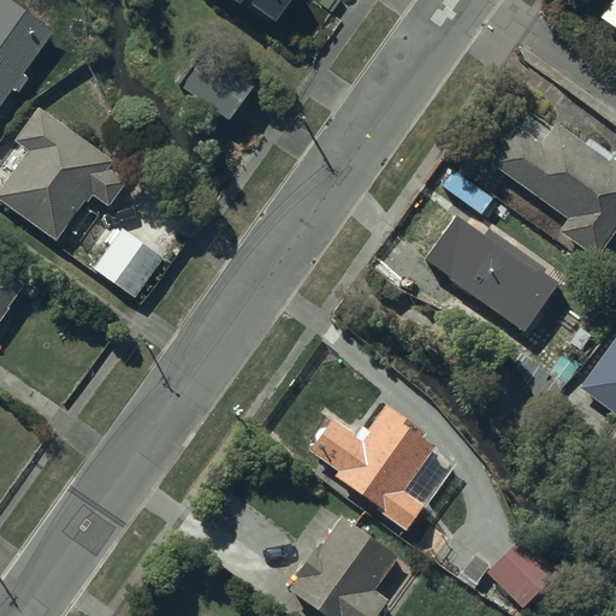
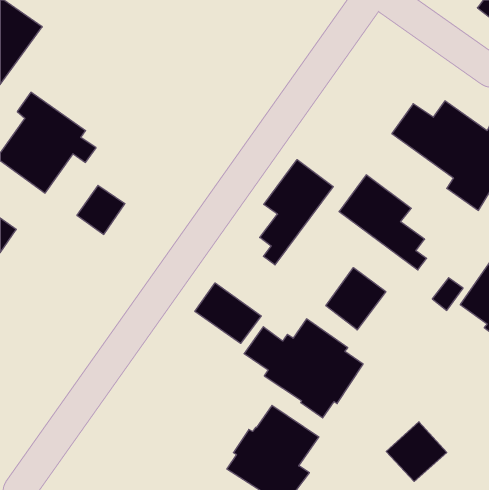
building: [173,49,249,120] -> none
building: none -> [260,160,333,265]
building: none -> [326,268,386,330]
building: none -> [195,283,261,343]

